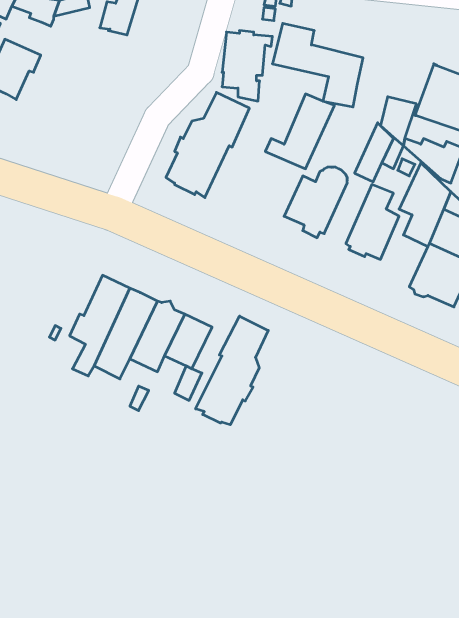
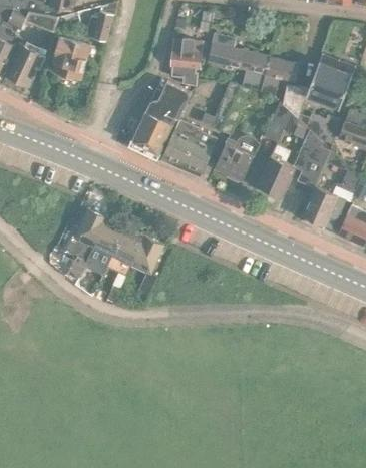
building: none -> [53,35,90,80]
building: none -> [263,56,300,96]
building: none -> [162,119,217,173]
building: [196,316,268,425] -> none

